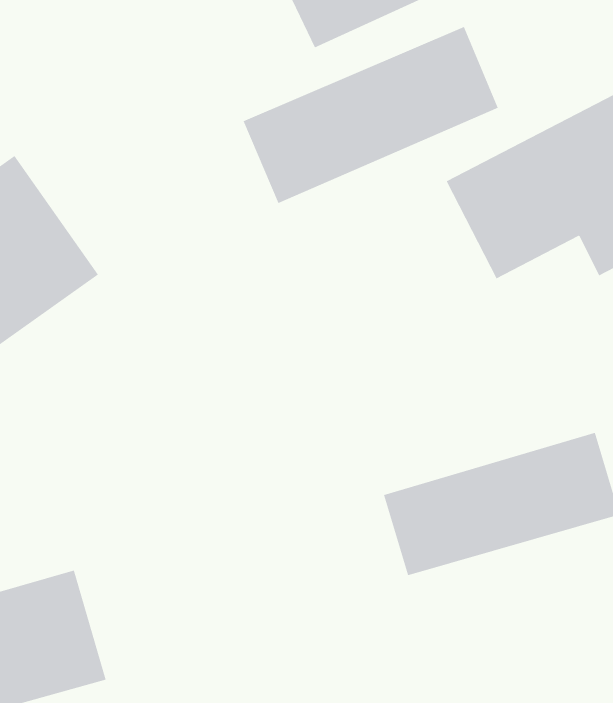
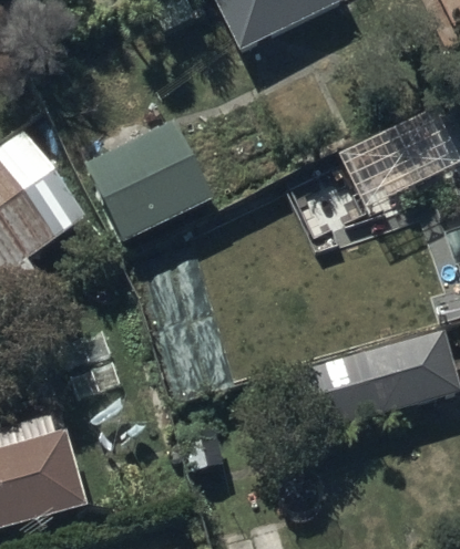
building: [243,26,498,204] -> none
building: none -> [85,123,213,246]

